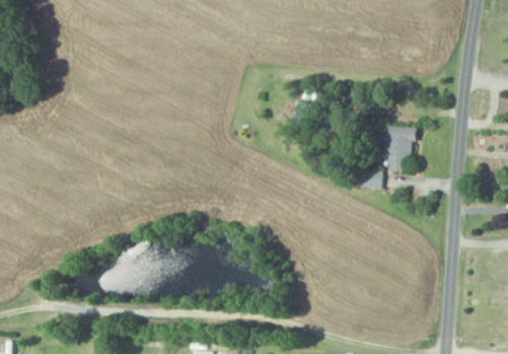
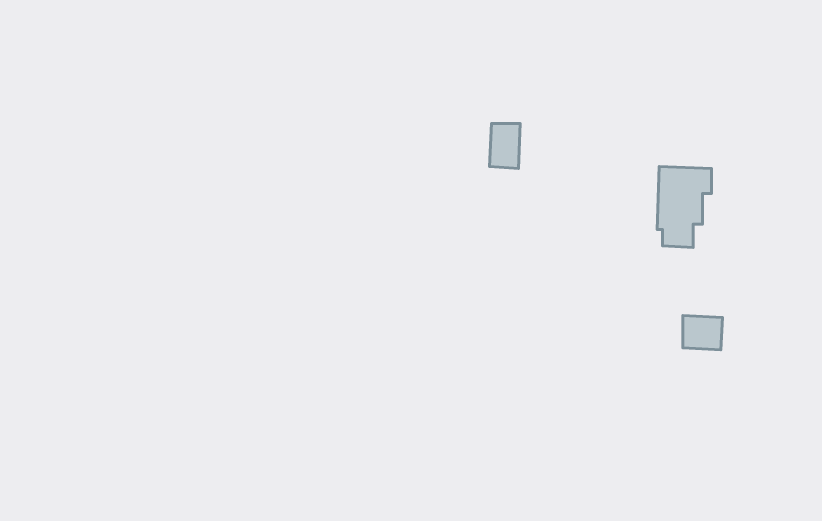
building: [359,169,381,189] -> [683,316,723,350]

